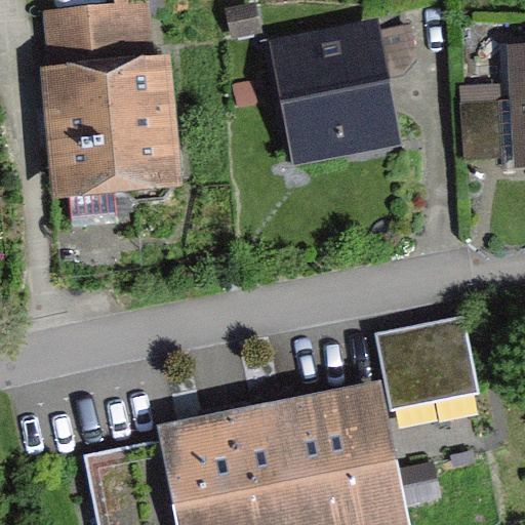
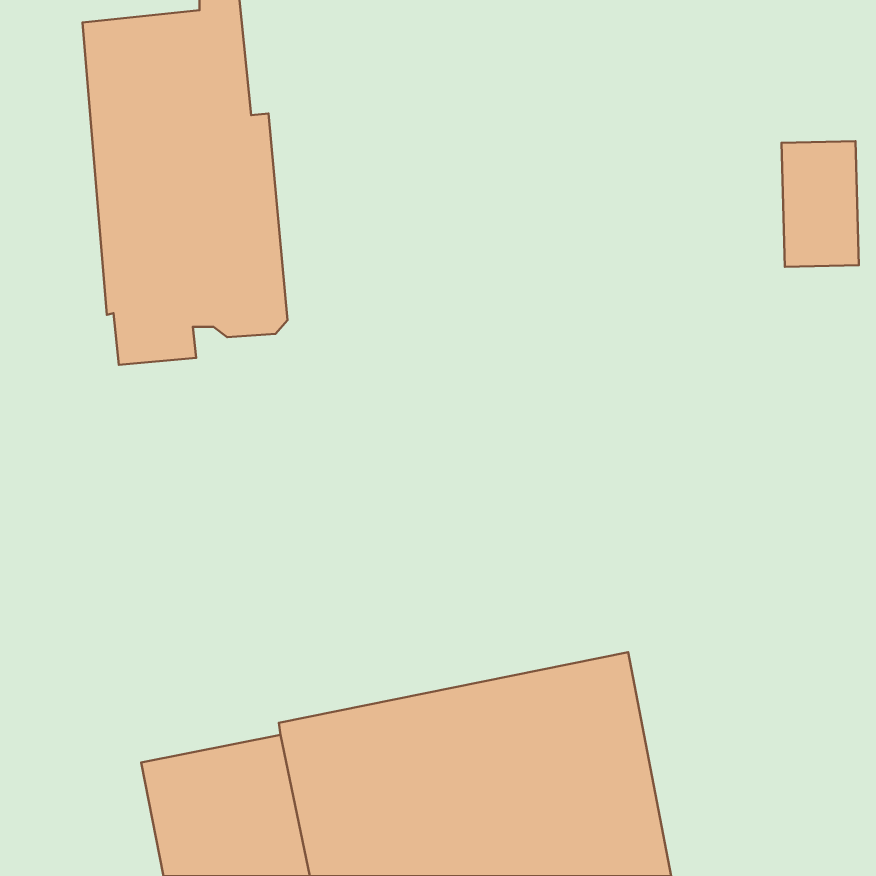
building: [285,32,392,146] -> none
building: [380,319,475,394] -> none

